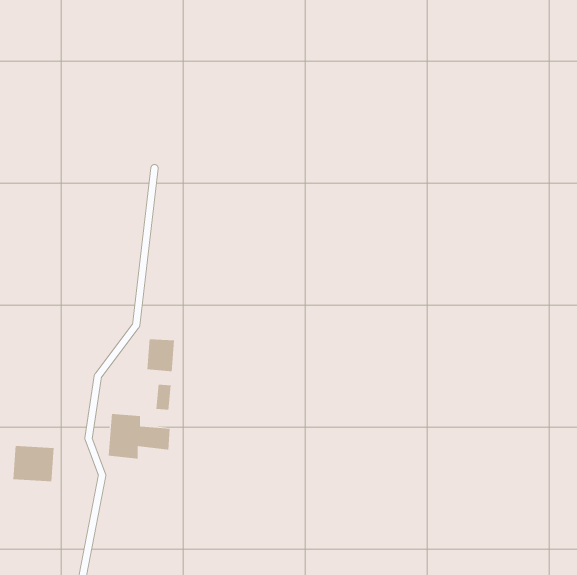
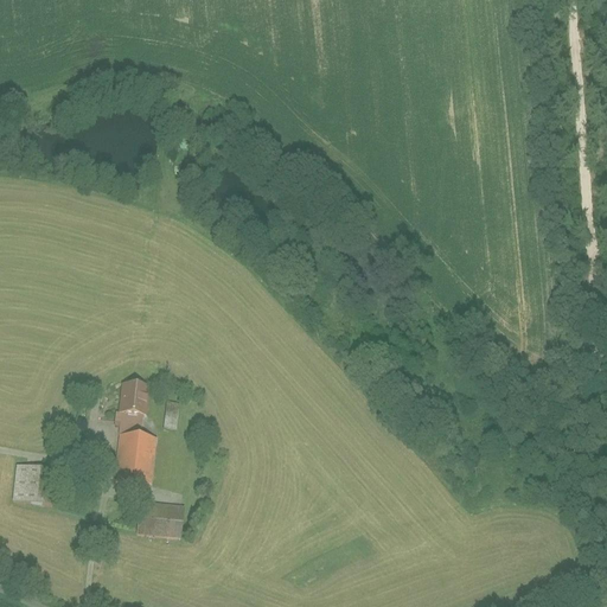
building: [146,339,175,372] -> [119,383,148,417]
building: none -> [138,500,180,532]

